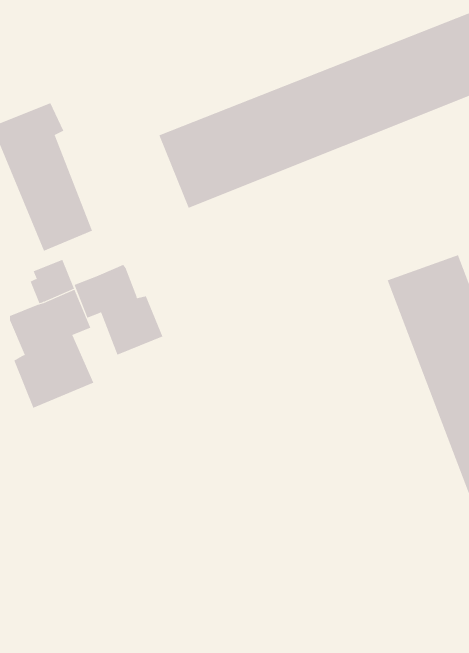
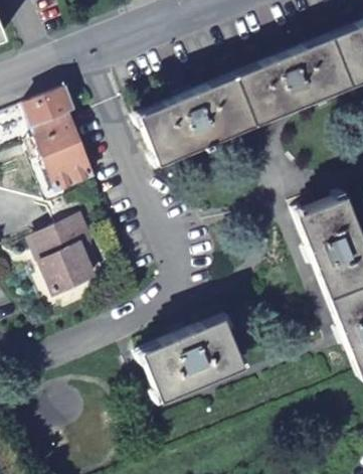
building: [74,264,163,355] -> none
building: none -> [138,315,241,394]

